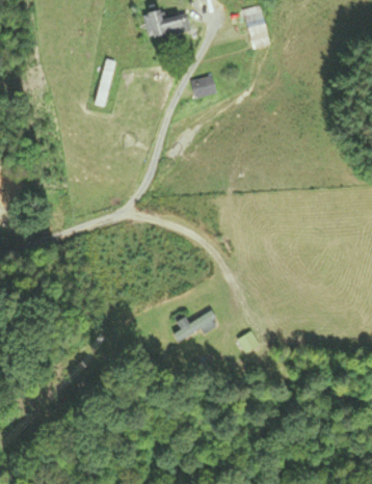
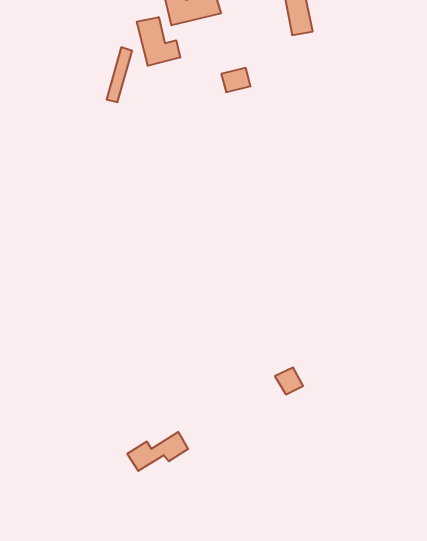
building: none -> [137,17,180,66]
building: [168,310,220,343] -> [127,432,188,471]

